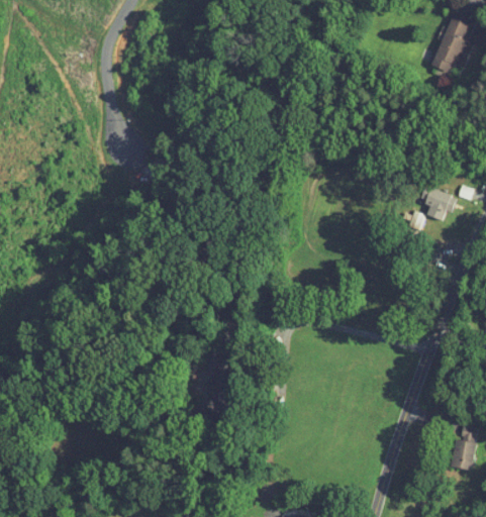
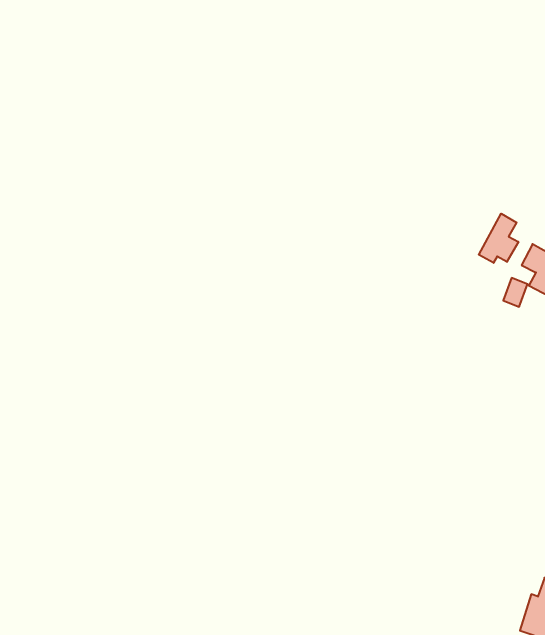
building: none -> [479,214,518,263]

